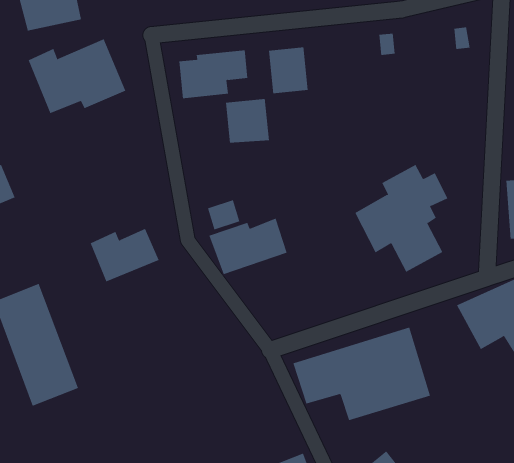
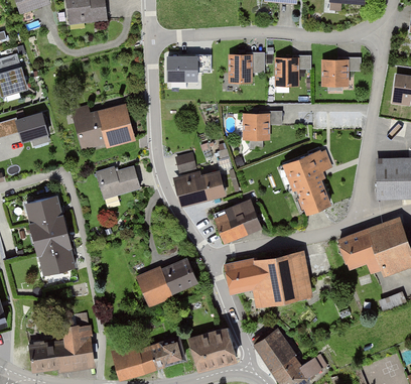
building: [28,39,126,114] -> [72,105,135,151]
building: none -> [320,62,349,89]
building: none -> [275,59,298,89]
building: [225,99,270,143] -> [243,116,270,144]
building: none -> [212,199,261,243]
building: none -> [135,259,194,307]

